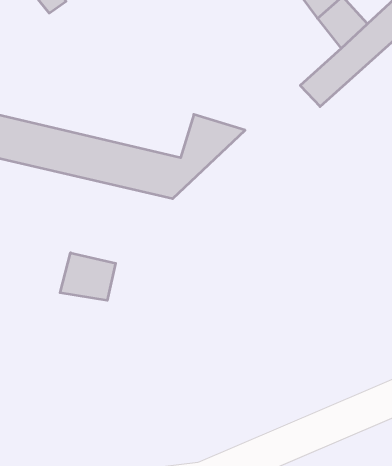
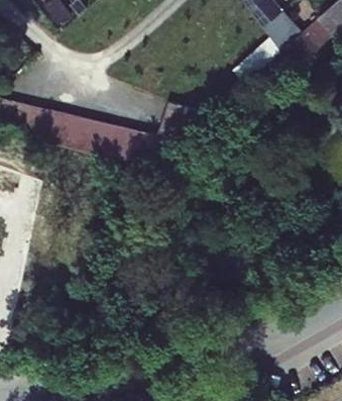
building: [60,253,116,300] -> none

